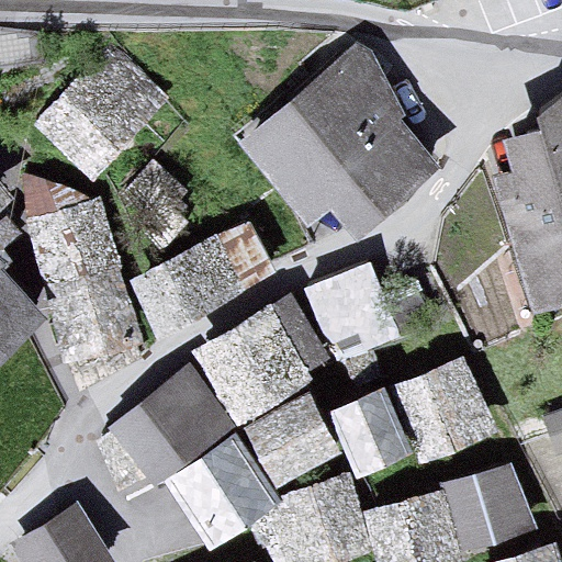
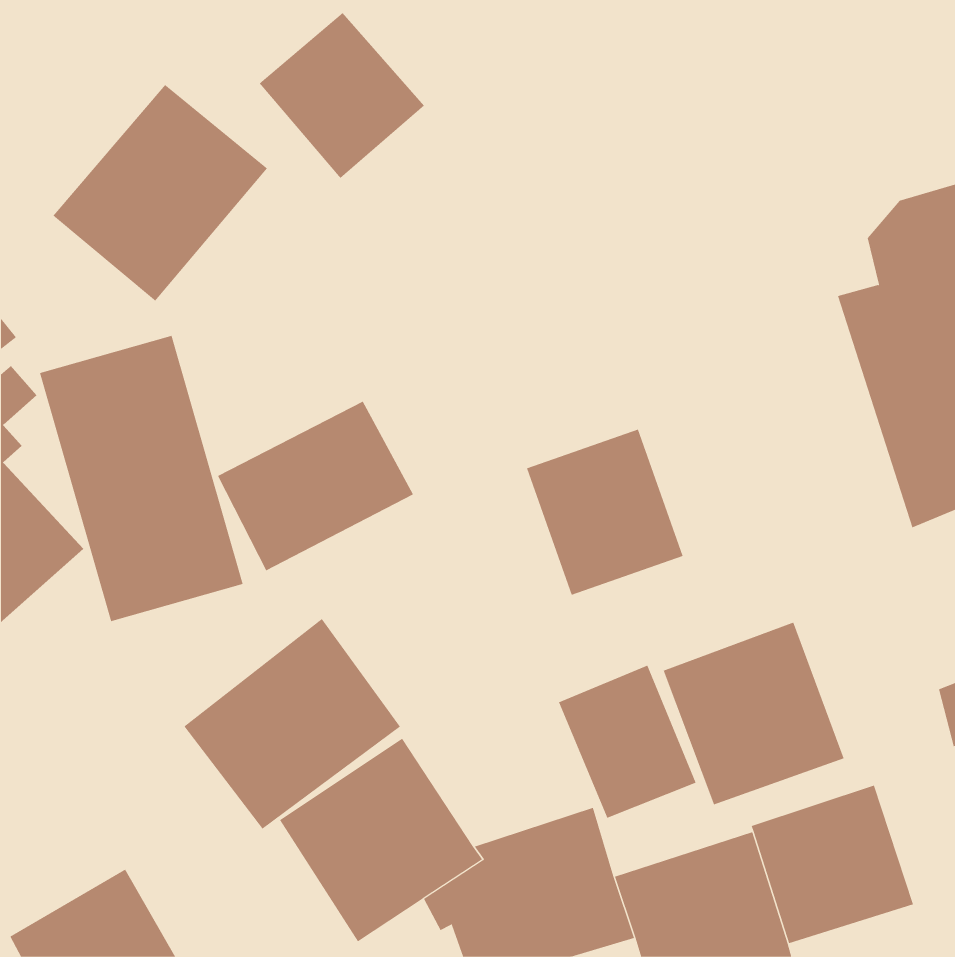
building: none -> [259,12,425,179]
building: [237,45,446,236] -> none
building: [193,308,311,426] -> none
building: [245,397,340,490] -> none

